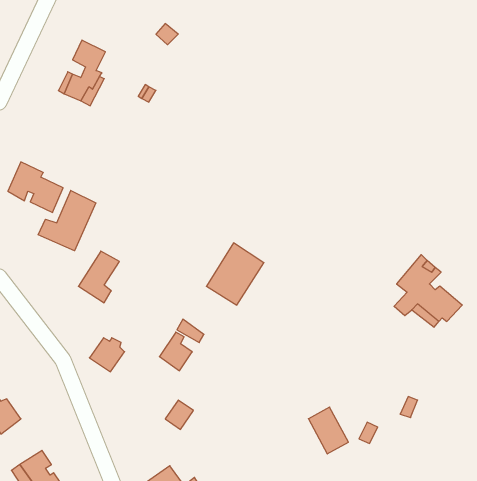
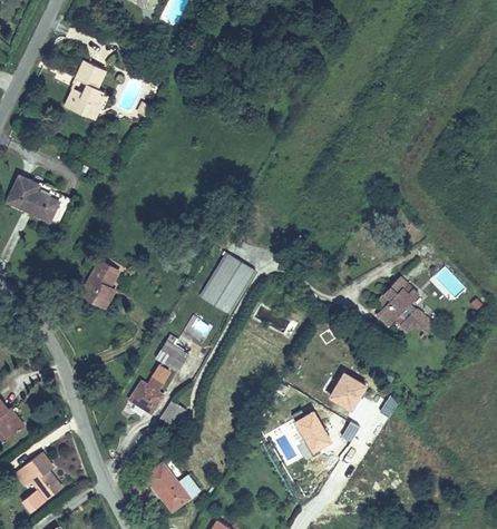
building: [38,190,96,251] -> none
building: [89,338,125,372] -> [127,384,160,417]
building: none -> [329,371,370,412]

